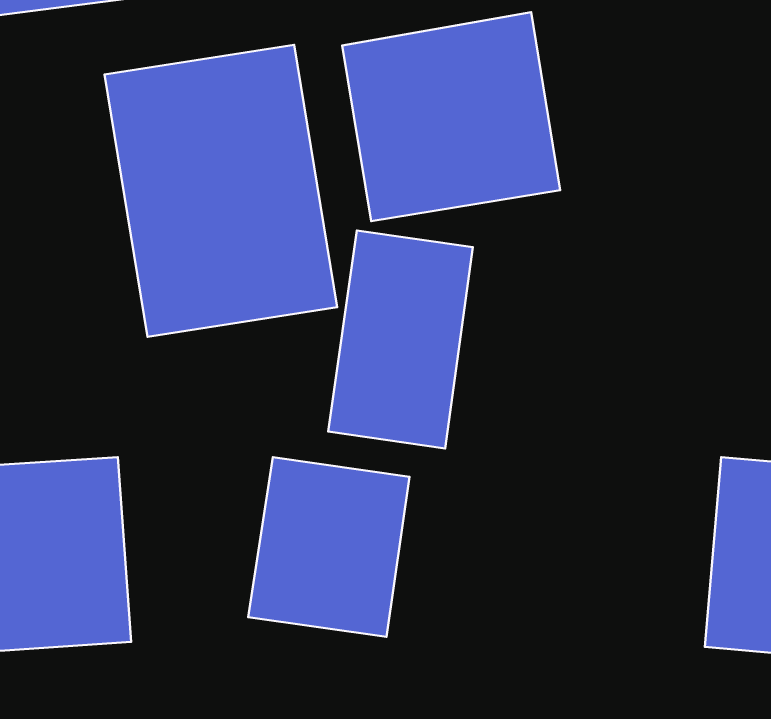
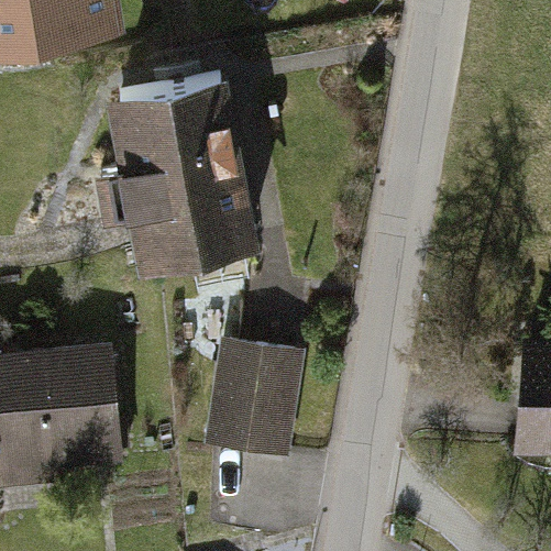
building: [342,12,560,221] -> none
building: [328,231,473,449] -> none

